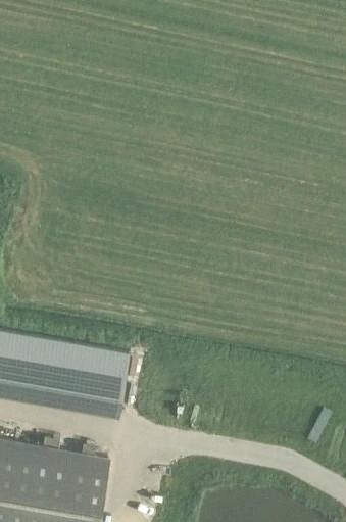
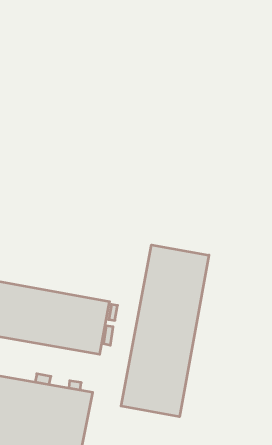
building: none -> [121,245,209,417]

